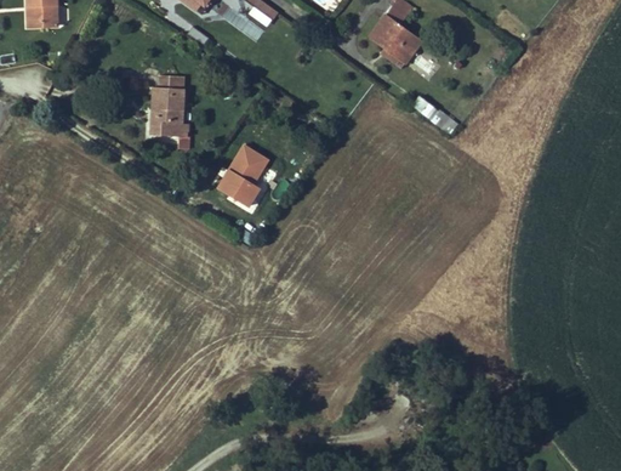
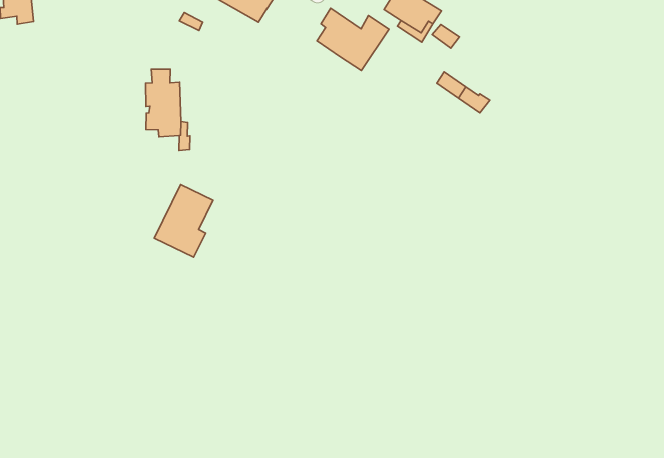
building: none -> [317,8,389,70]
building: [215,142,269,208] -> [154,185,213,257]

